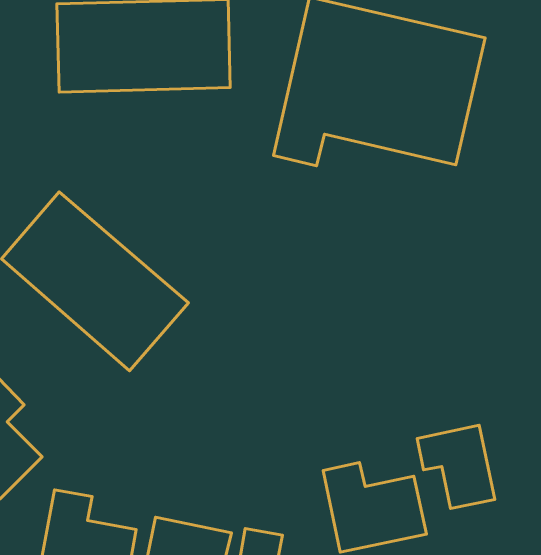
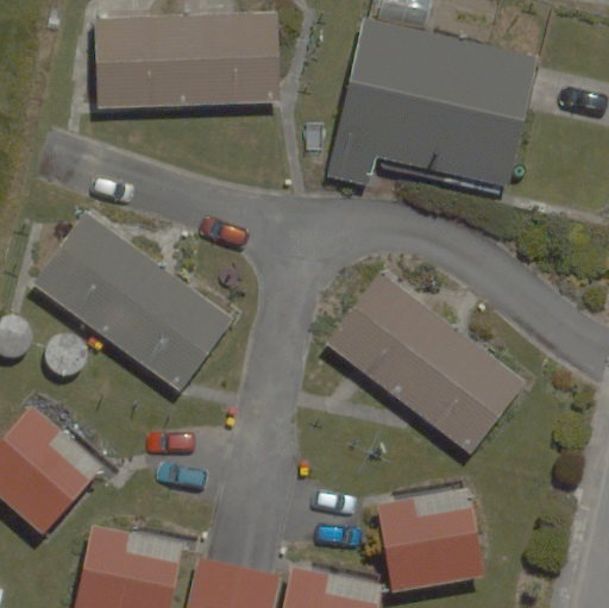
building: none -> [325,272,521,460]
building: [417,425,495,508] -> none

